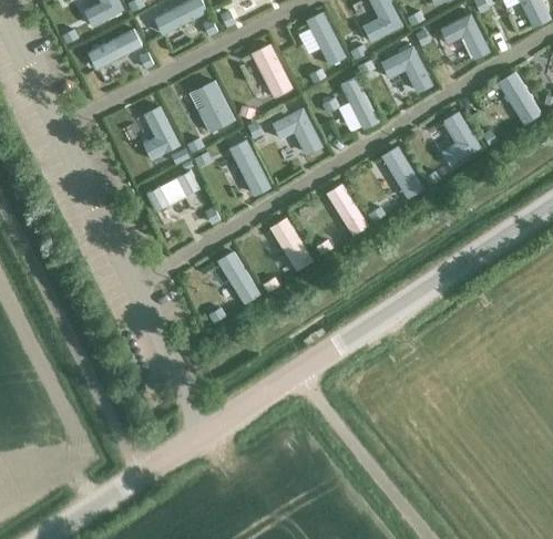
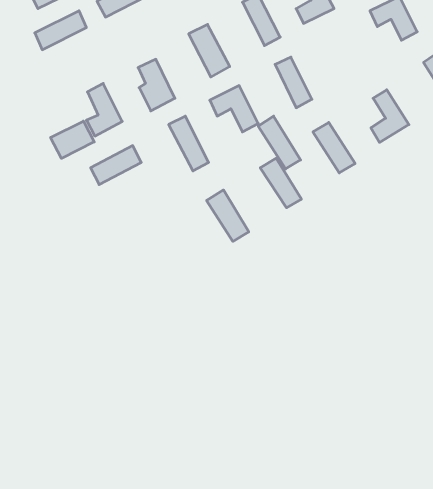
building: [380,46,432,93] -> none
building: none -> [258,116,301,169]
building: none -> [51,121,94,158]
building: [216,250,260,304] -> none

